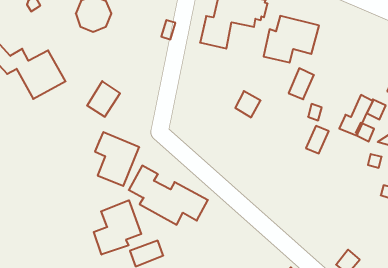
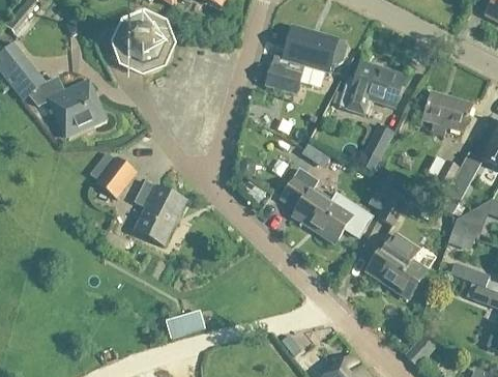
building: none -> [422,91,471,137]
building: [87,81,120,117] -> [96,155,136,197]
building: none -> [368,234,427,297]
building: [129,166,208,225] -> [282,170,373,241]
building: [94,200,141,255] -> none

